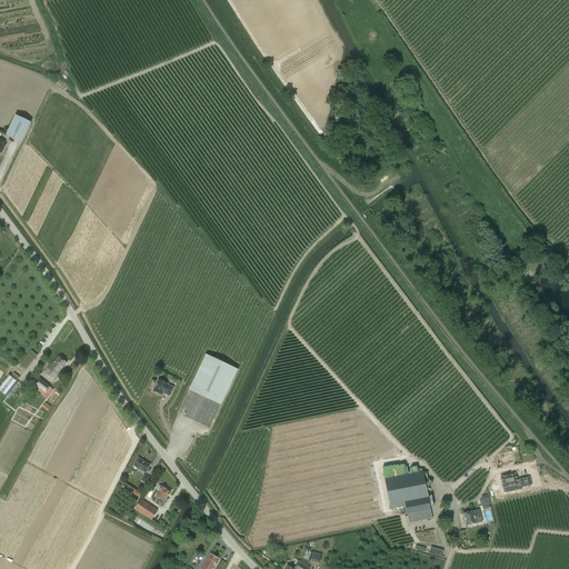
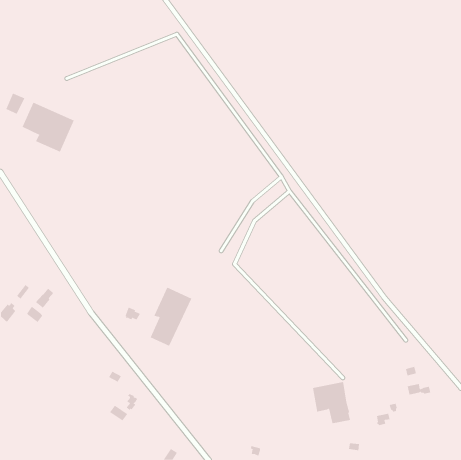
building: none -> [22,102,74,152]

